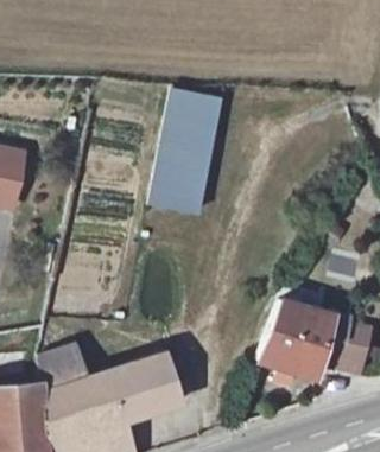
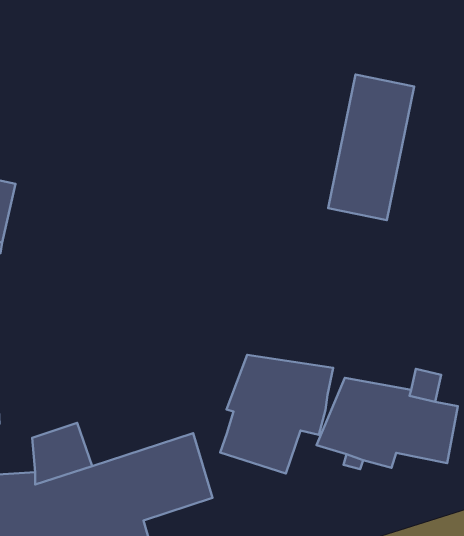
building: [151,91,218,206] -> [328,74,414,220]
building: none -> [220,355,333,474]

